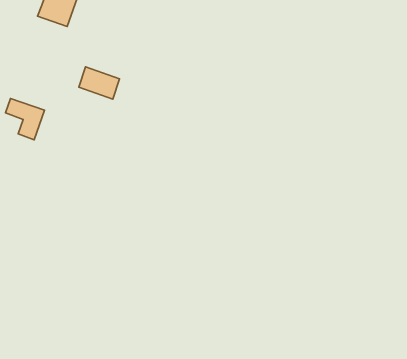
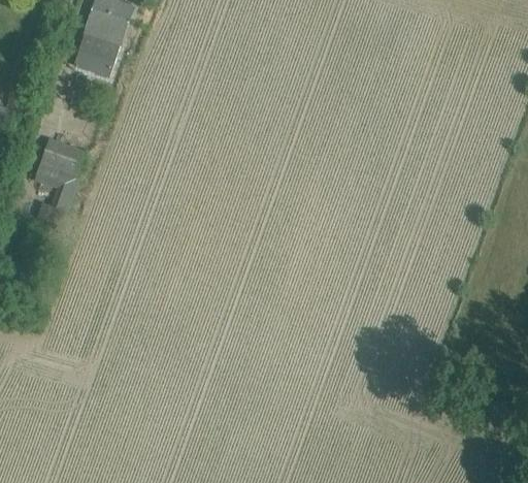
building: [79,67,120,99] -> [39,137,89,176]

